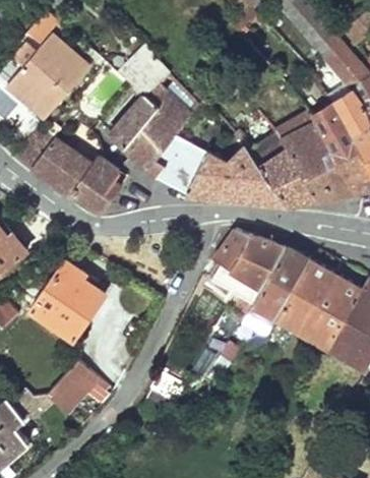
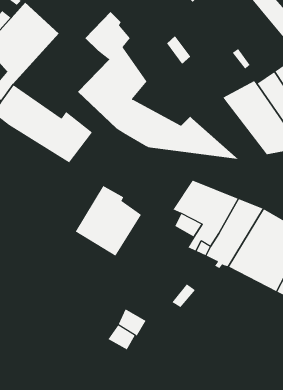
building: [234,140,317,206] -> none
building: [33,259,106,338] -> [75,185,142,257]
building: [46,361,97,412] -> none

